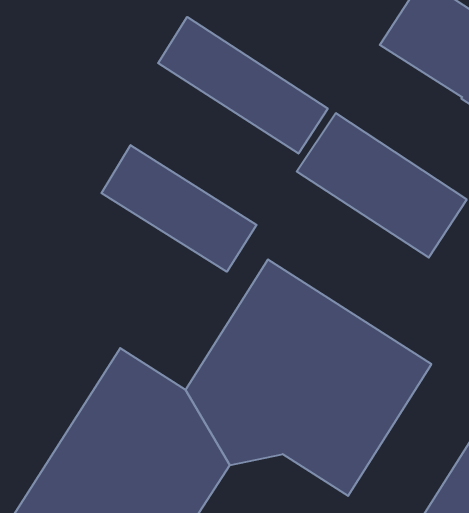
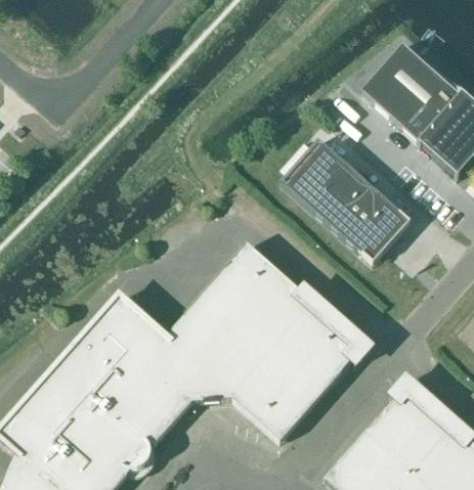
building: [158,17,328,154] -> none
building: [101,145,257,272] -> none

